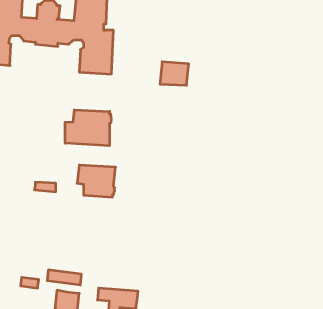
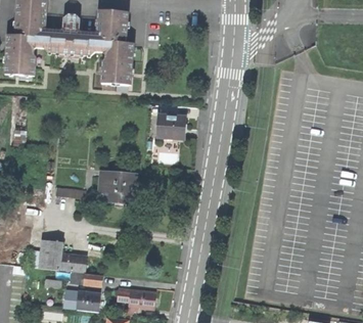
building: [160,62,189,85] -> [156,114,184,137]
building: [65,110,111,146] -> none
building: none -> [39,240,86,272]

